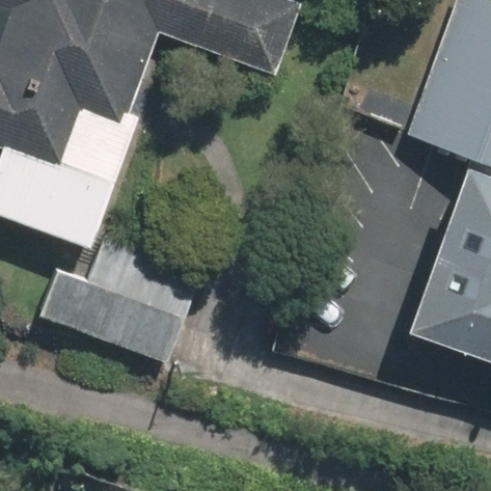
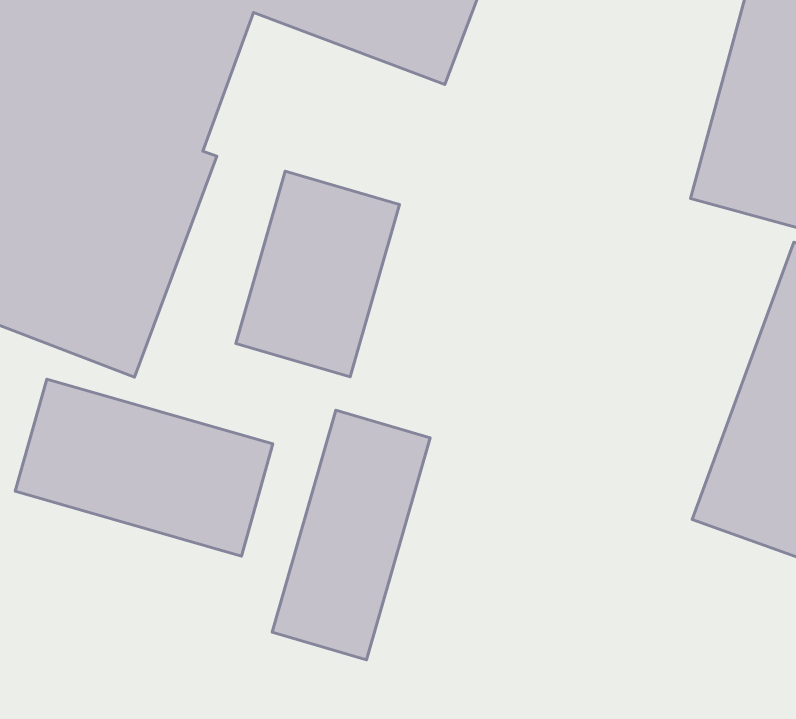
building: none -> [236,171,399,377]
building: none -> [272,410,430,660]

